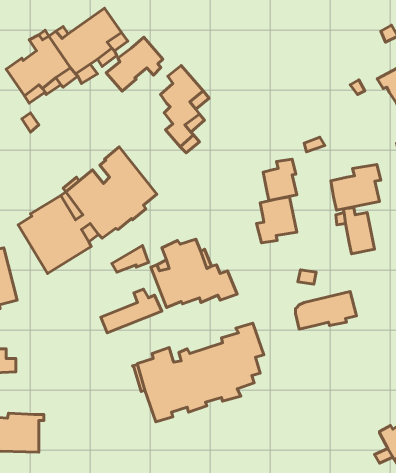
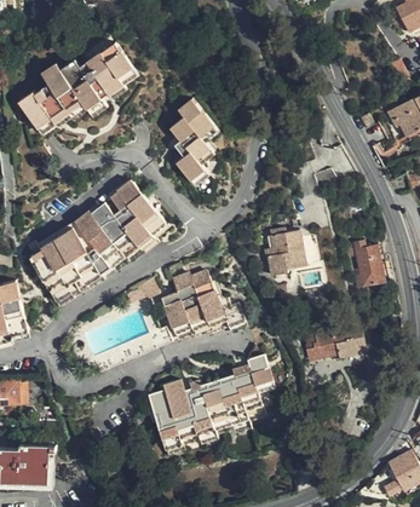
building: [106,37,163,91] -> none
building: [263,159,297,201] -> none
building: [331,165,381,210] -> none

